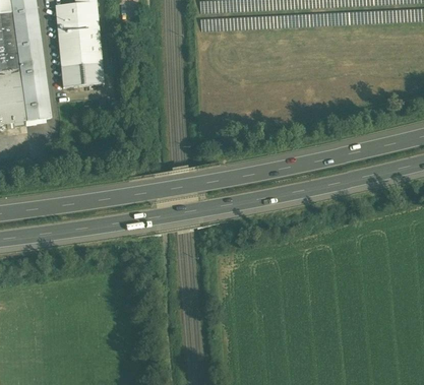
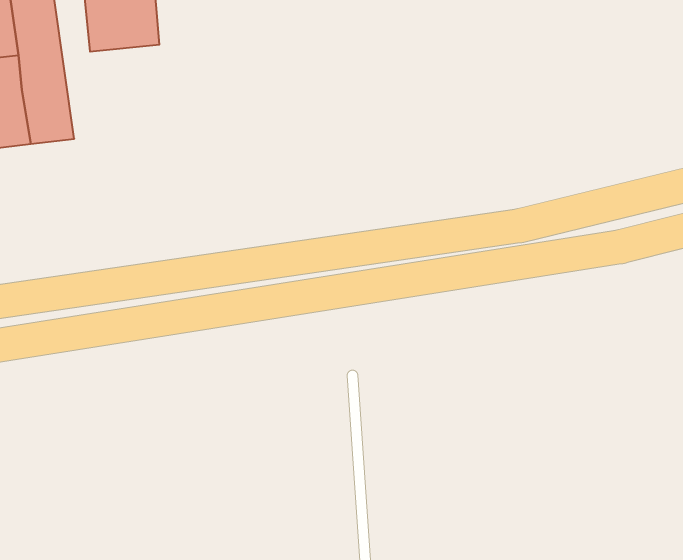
building: [60,62,103,86] -> none

